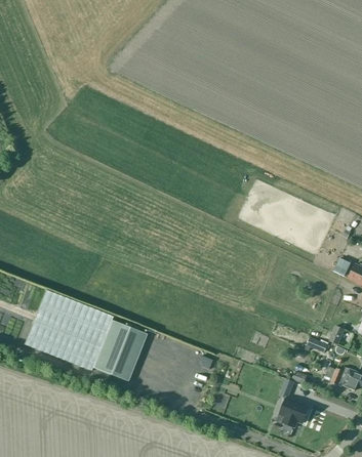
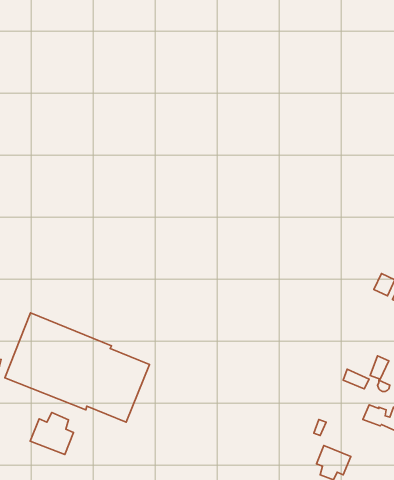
building: none -> [30,413,74,455]

